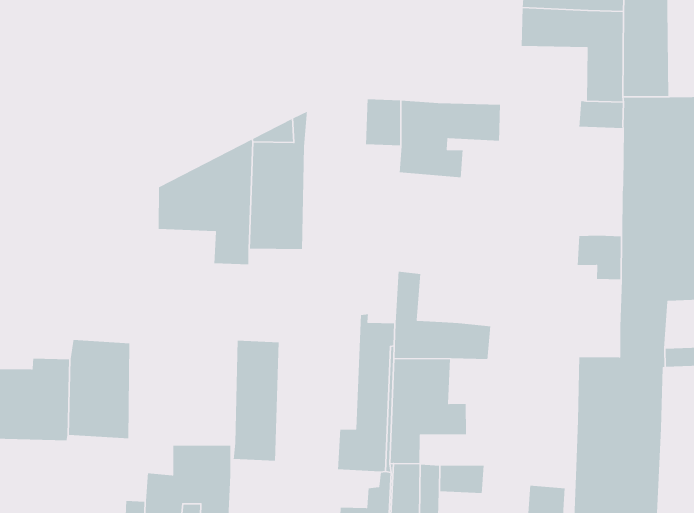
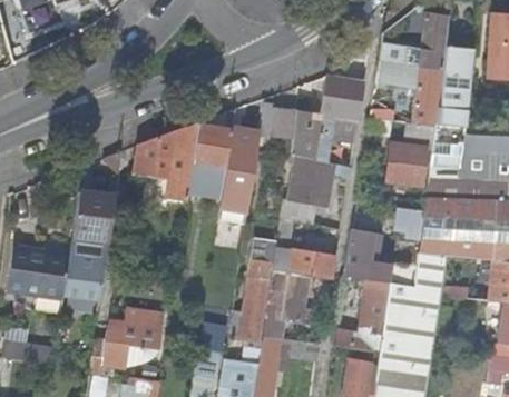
building: none -> [320,76,365,119]
building: none -> [386,143,424,185]
building: none -> [282,155,351,224]
building: none -> [74,191,116,241]
building: none -> [344,229,417,286]
building: [233,340,280,461] -> [222,131,260,210]
building: none -> [333,284,386,351]

